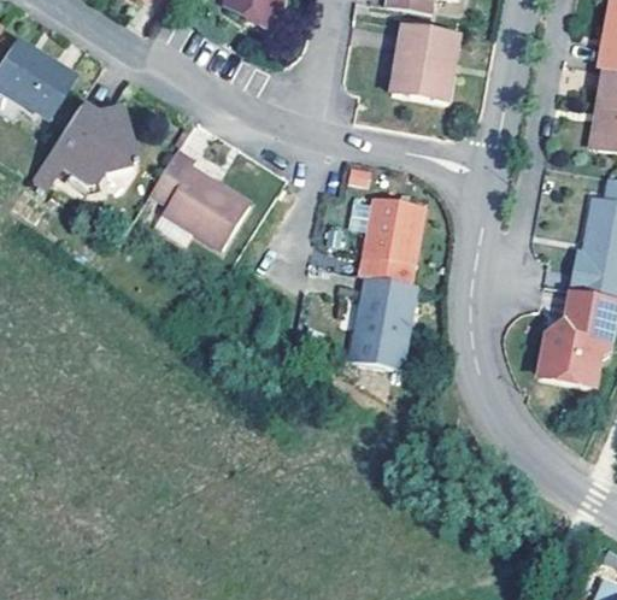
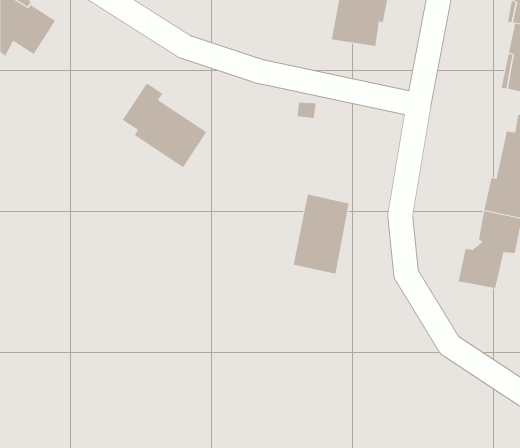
building: [27,98,129,189] -> none
building: [358,196,422,284] -> none

